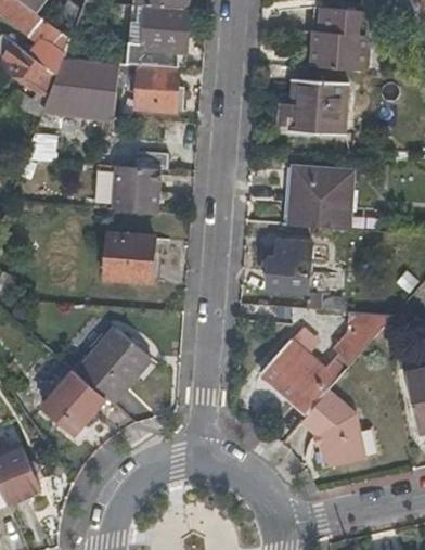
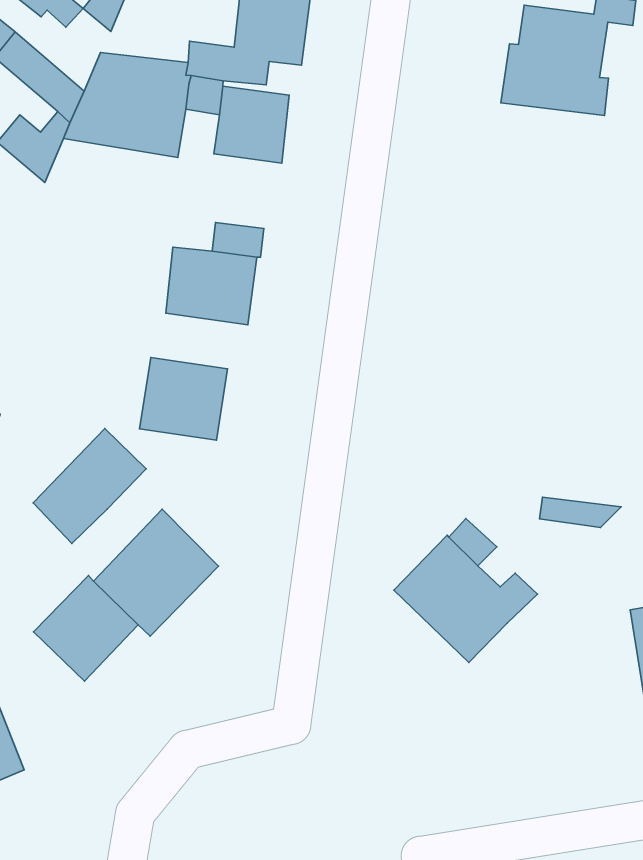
building: [287,85,346,141] -> none
building: [286,169,351,230] -> none
building: [266,242,345,305] -> none
building: none -> [33,429,146,544]
building: [331,320,381,366] -> none
building: [299,384,366,462] -> none

